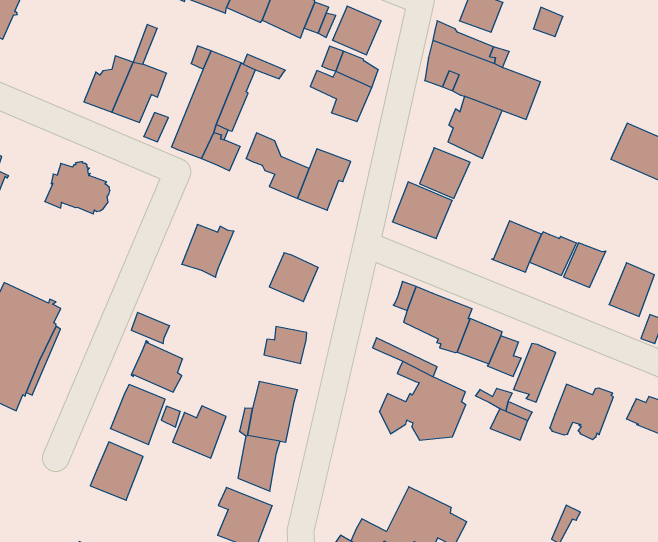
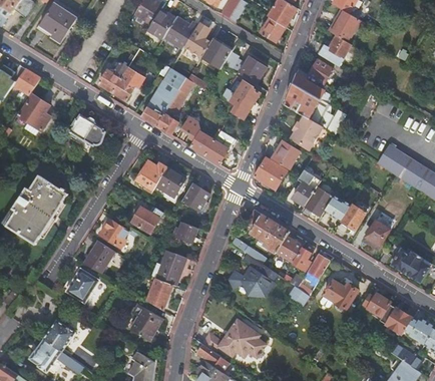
building: none -> [292,169,321,206]
building: none -> [155,167,184,198]
building: [173,406,226,458] -> [131,205,162,234]

